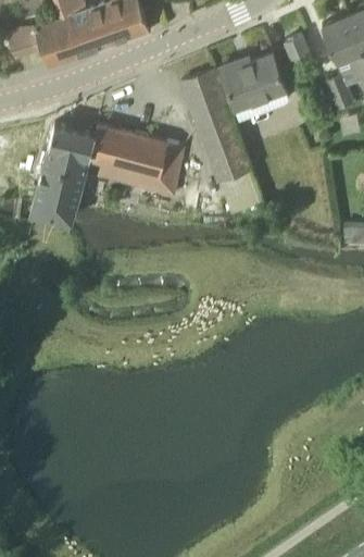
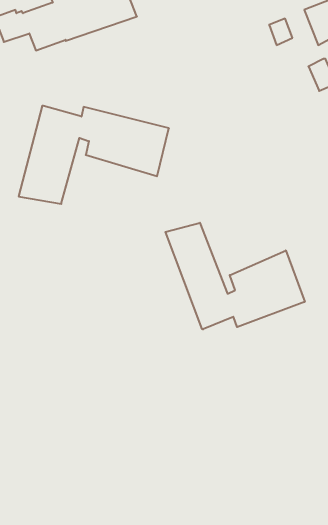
building: [221,53,286,109] -> none
building: [181,70,269,230] -> none
building: none -> [165,223,305,329]

